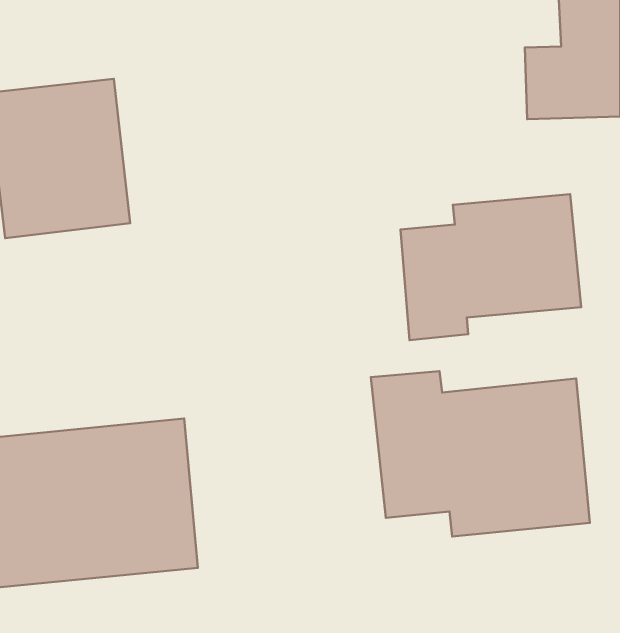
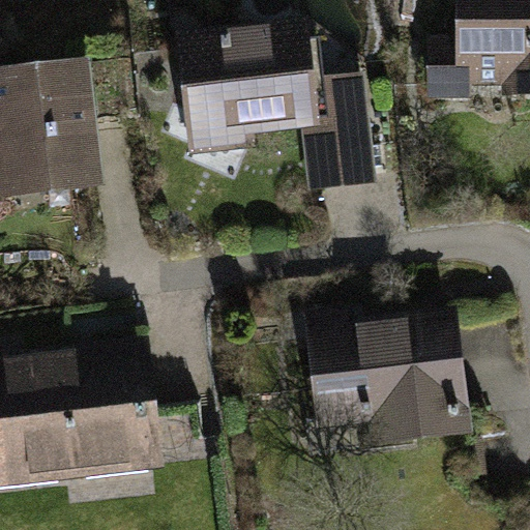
building: none -> [183,27,370,187]
building: [400,194,581,340] -> none

